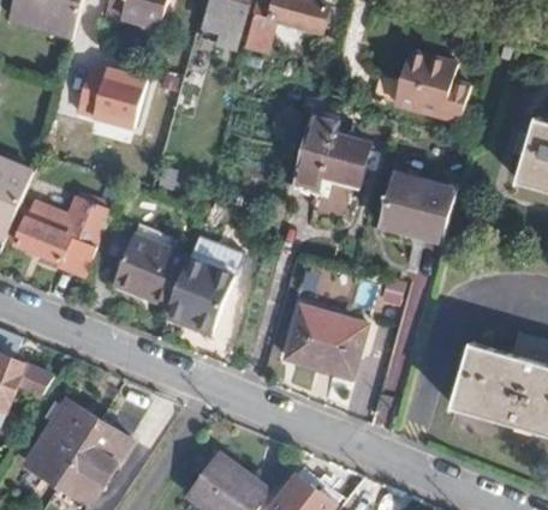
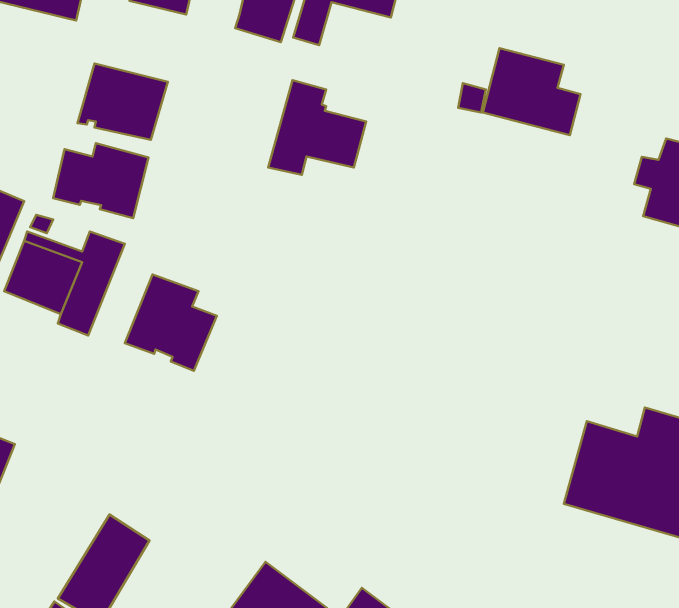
building: [291,116,368,191] -> [268,80,366,175]
building: none -> [53,143,148,218]
building: [379,175,455,245] -> none
building: [167,236,240,329] -> none
building: [284,312,367,383] -> none
building: [26,400,99,485] -> none

